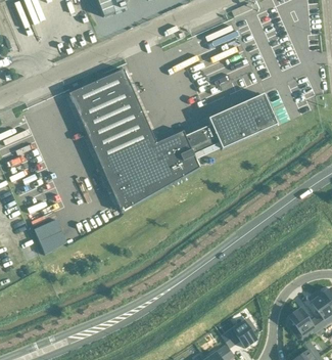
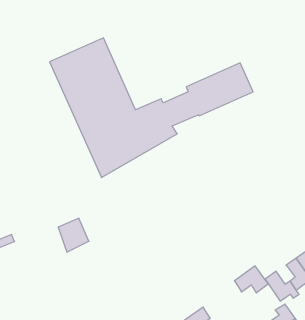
building: [36,220,67,255] -> [58,218,89,252]
building: [223,320,257,348] -> [234,266,268,293]

